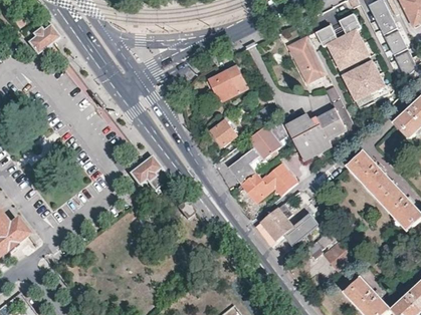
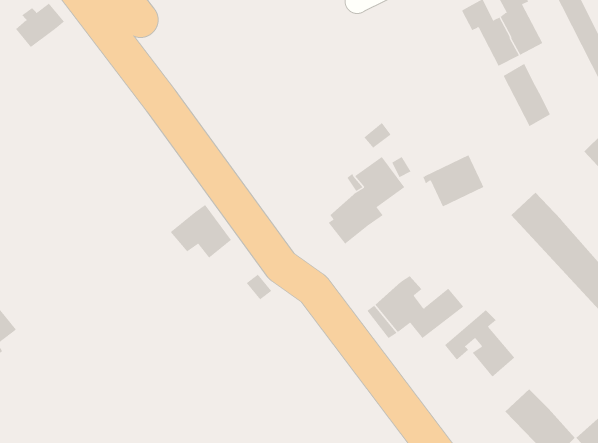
building: [291,41,324,79] -> none
building: [357,59,389,99] -> none
building: [207,66,246,102] -> none
building: [284,85,352,144] -> none
building: [208,118,236,146] -> none
building: [240,163,296,202] -> none

